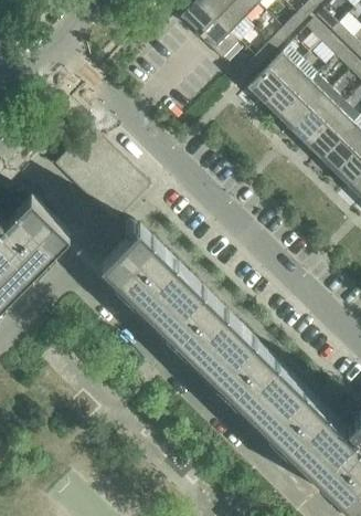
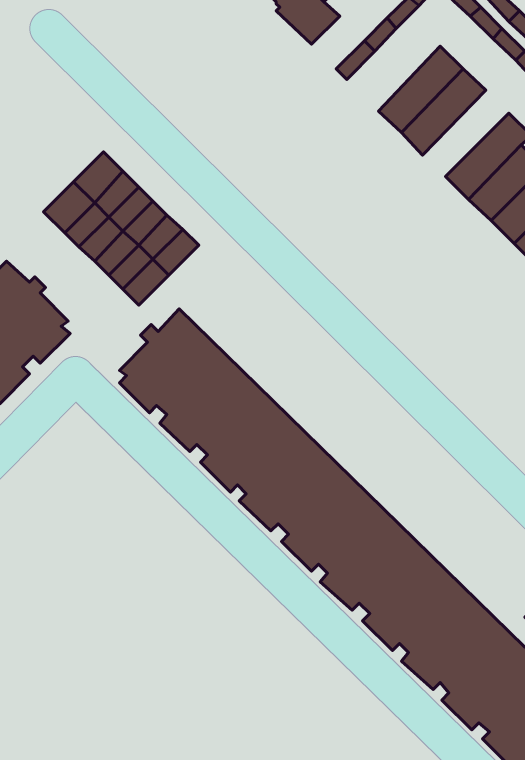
building: [248,45,302,101] -> none
building: [291,87,346,141] -> none

